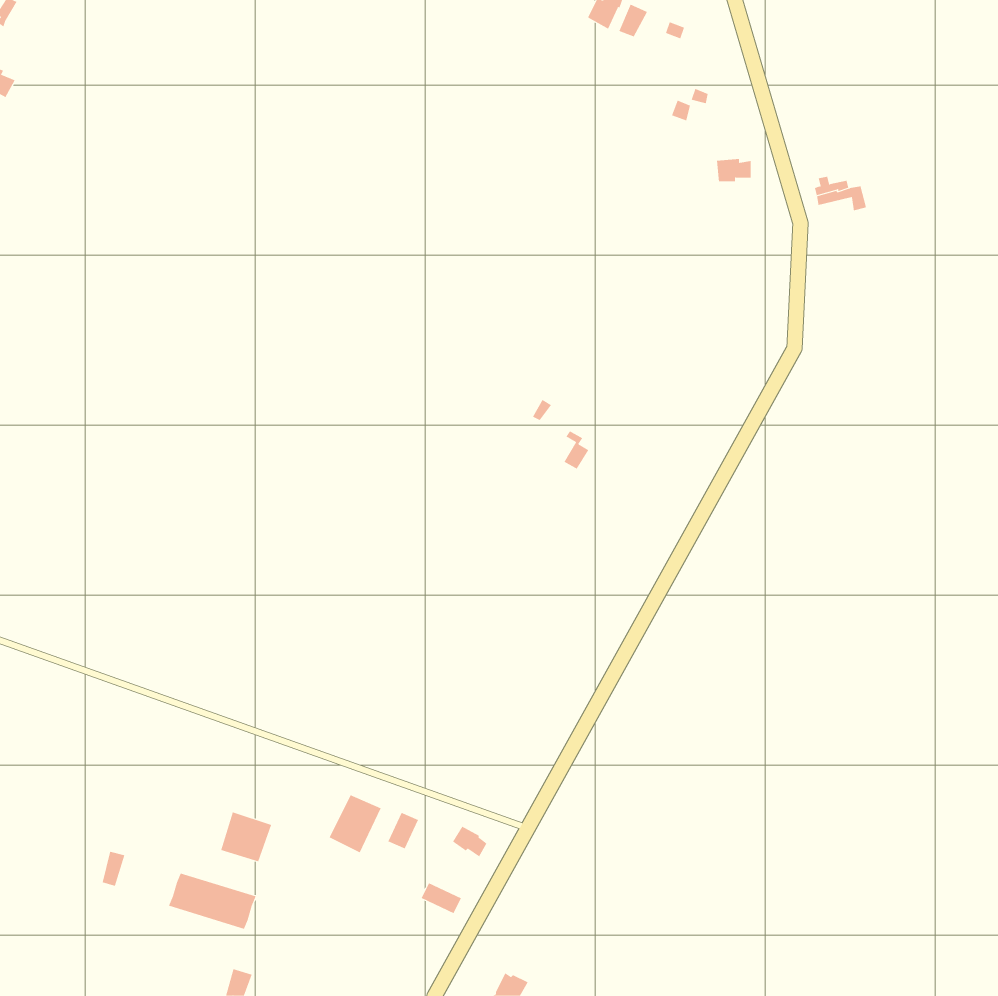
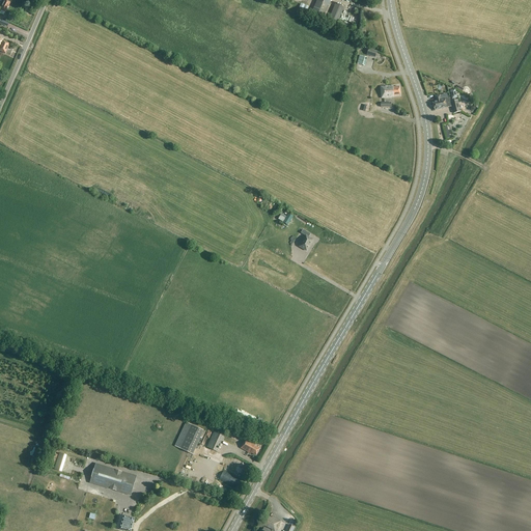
building: [221,812,272,862] -> none

